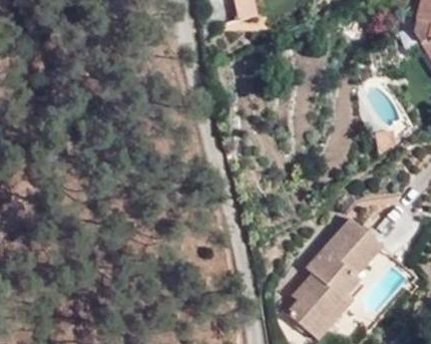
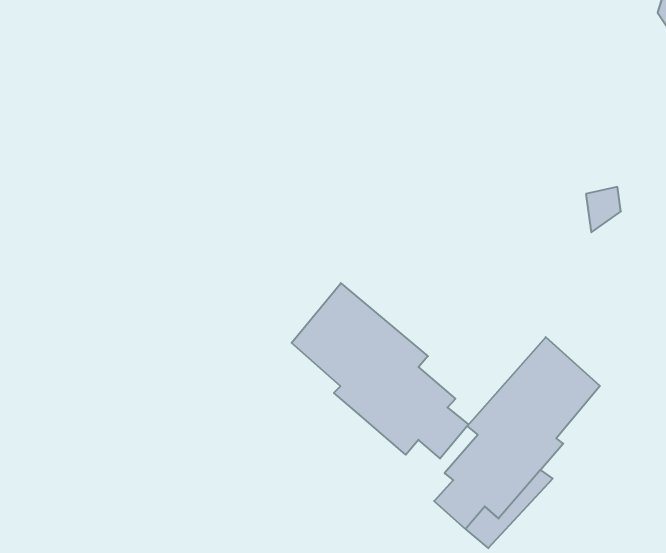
building: none -> [292,283,469,459]

